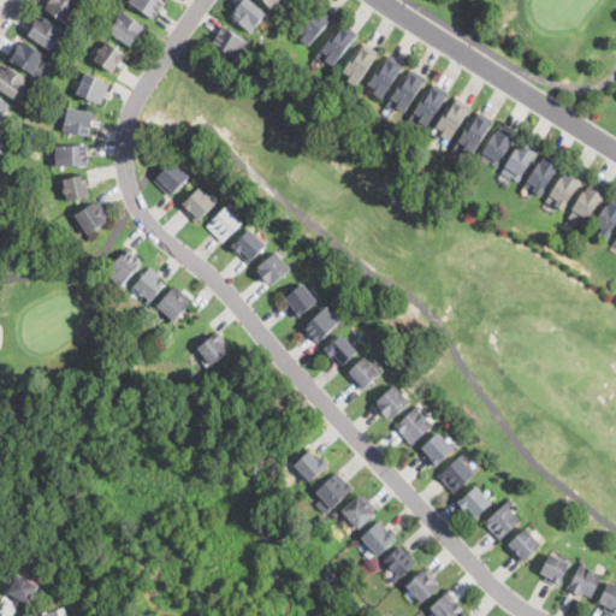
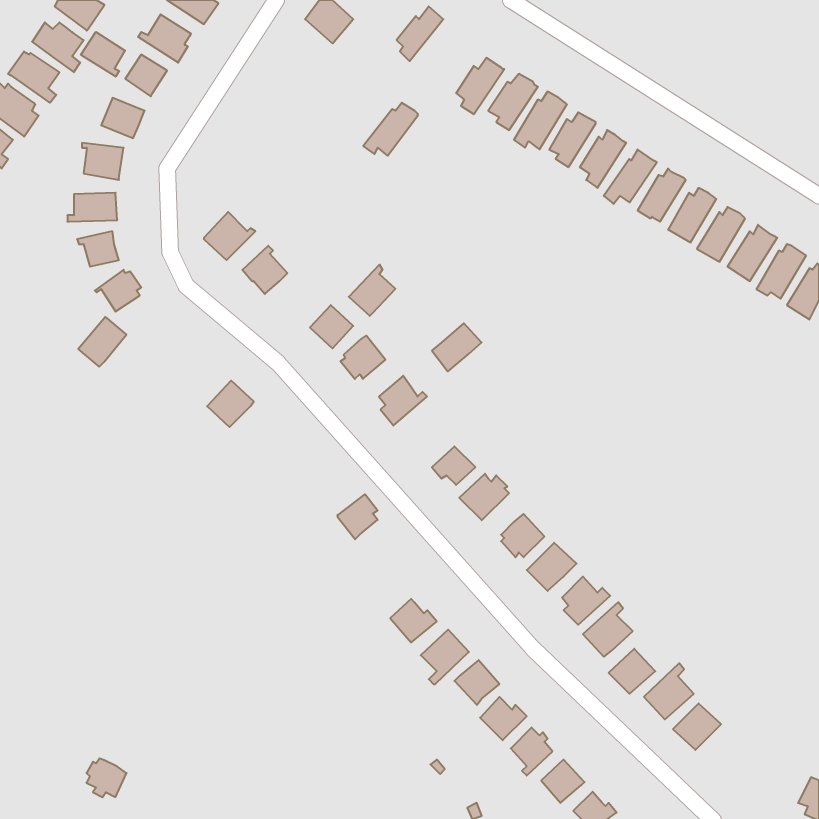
building: none -> [81,32,125,77]
building: [209,25,248,60] -> none
building: [314,25,355,65] -> [363,103,418,156]
building: [206,203,241,242] -> [349,265,395,316]
building: [105,249,141,286] -> [78,317,126,367]
building: [131,267,164,302] -> none
building: [302,307,339,343] -> [432,323,482,371]
building: [196,332,226,366] -> [337,494,378,539]
building: [540,555,568,587] -> none
building: [565,562,602,598] -> none
building: [7,575,37,604] -> [86,759,127,797]

